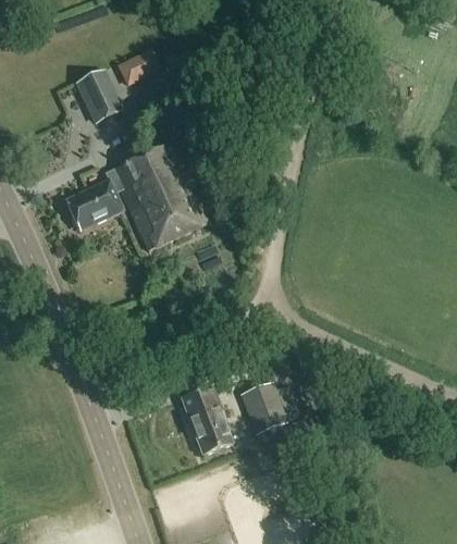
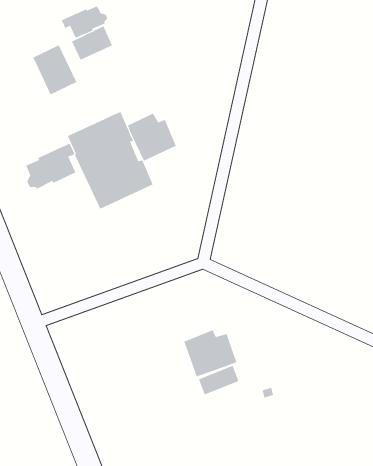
building: none -> [61,5,108,39]
building: none -> [127,113,176,161]
building: [181,385,230,454] -> none

